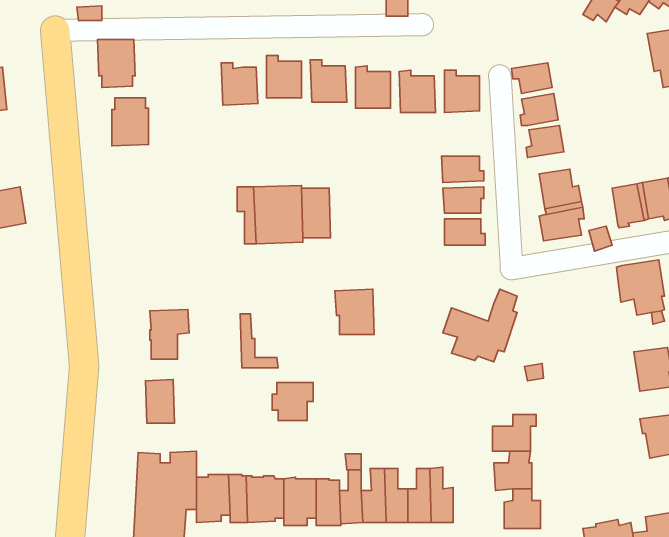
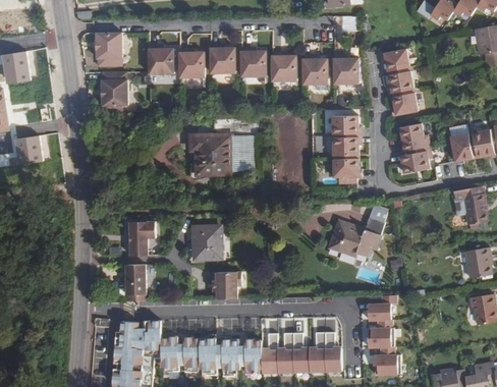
building: none -> [147,47,171,76]
building: [335,289,374,334] -> [198,223,225,255]

